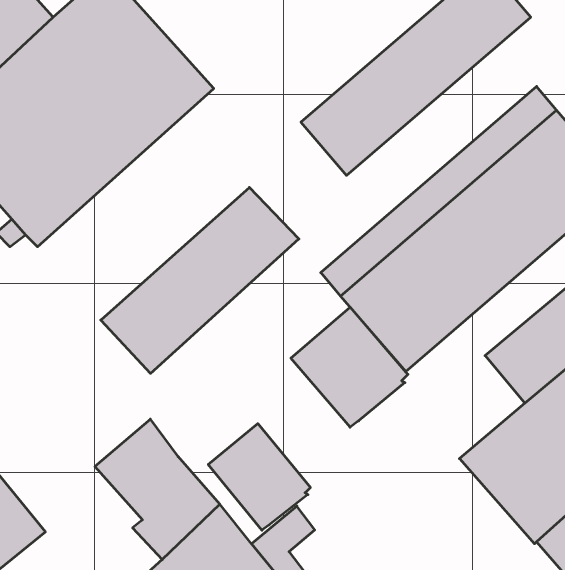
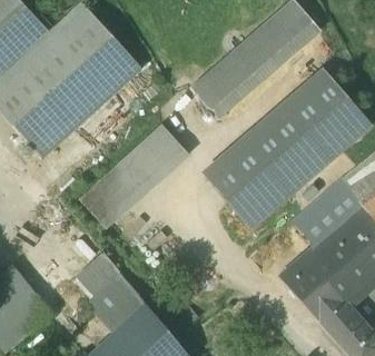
building: [291,307,408,427] -> none
building: [208,424,310,530] -> none

